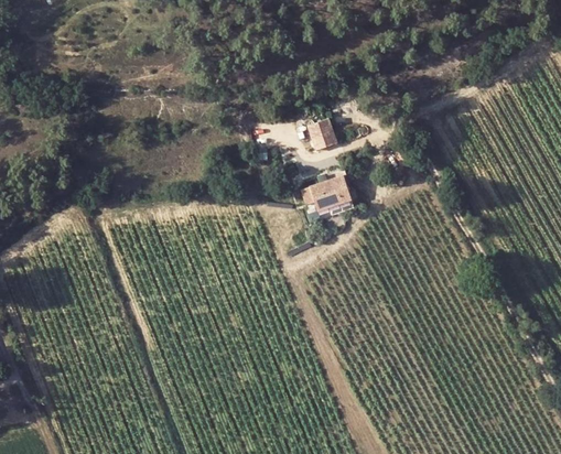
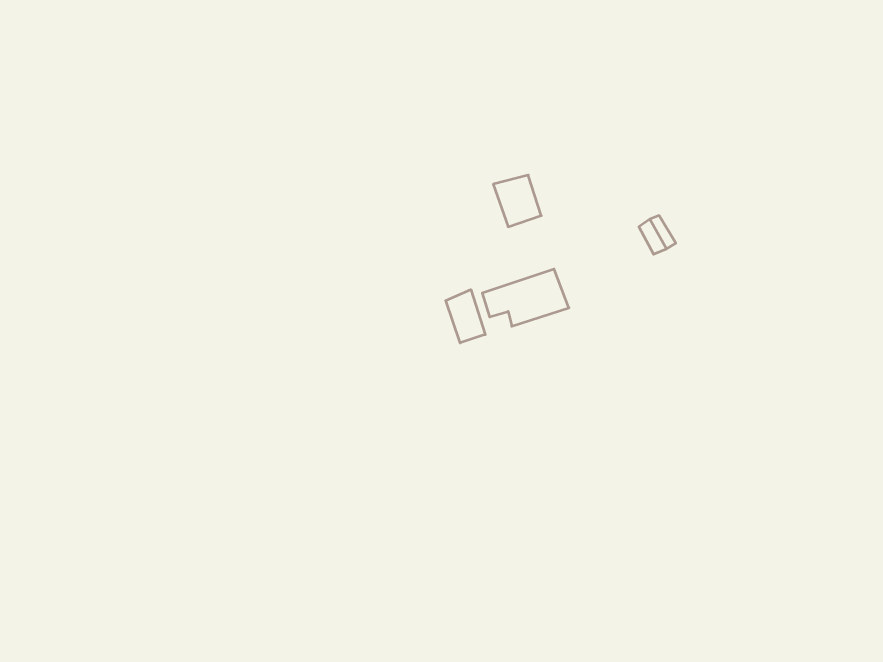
building: none -> [446,290,485,343]

